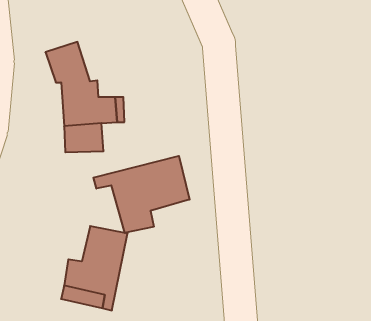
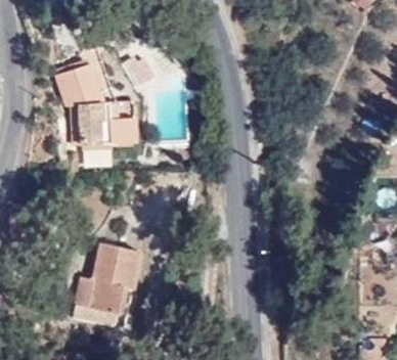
building: [93,156,190,233] -> none

